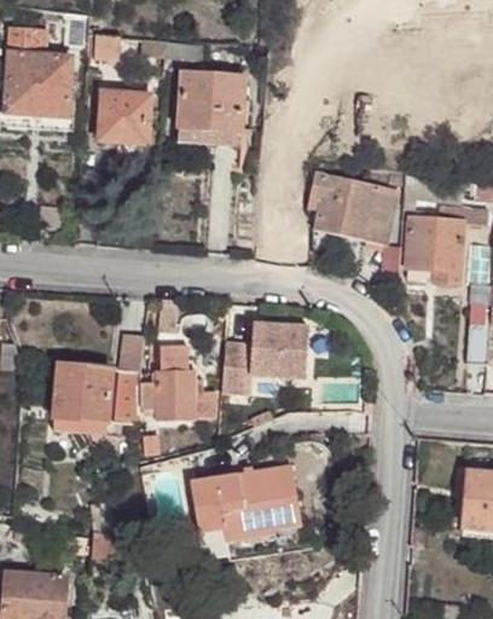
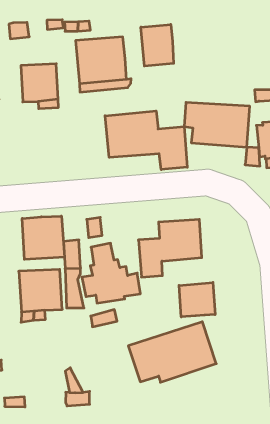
building: none -> [141,24,174,66]
building: none -> [105,111,187,170]
building: none -> [22,216,64,259]
building: none -> [179,282,215,317]

